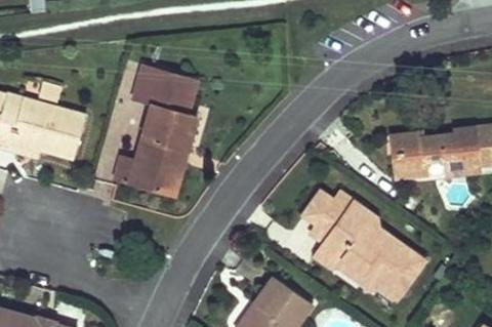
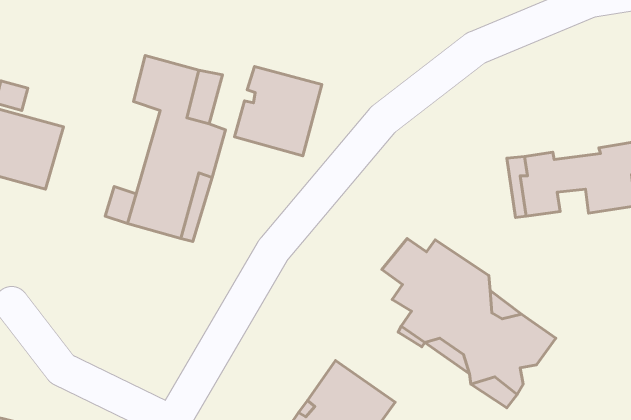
building: none -> [234,67,322,156]

